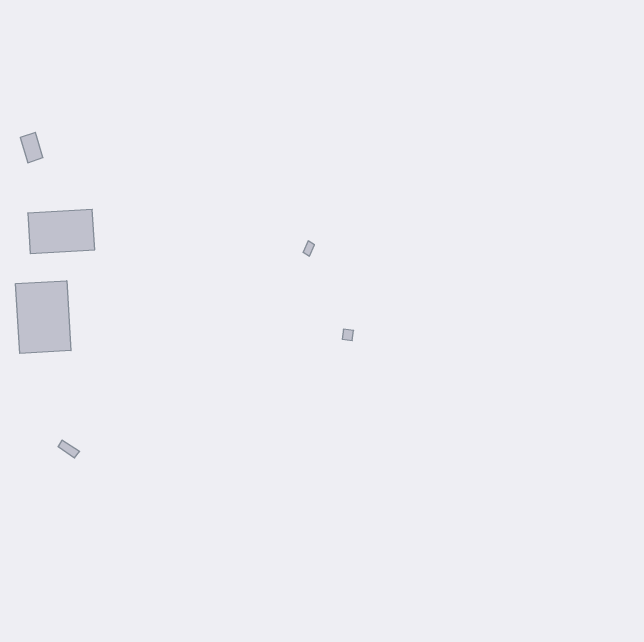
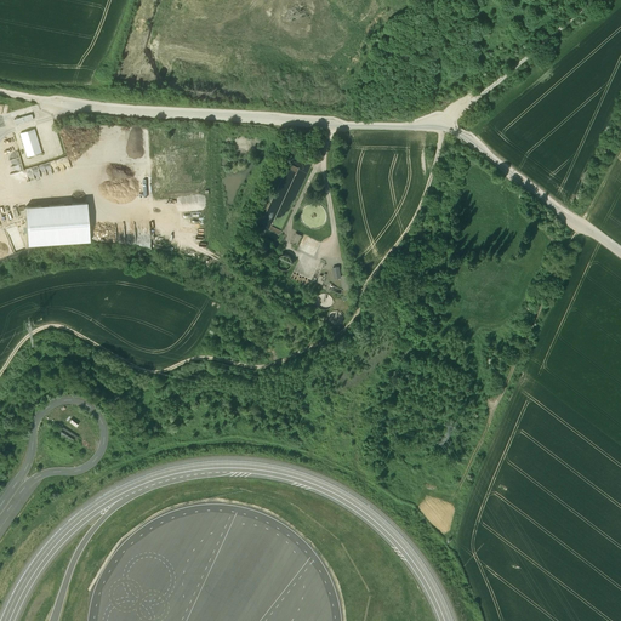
building: [16,281,71,353] -> none

